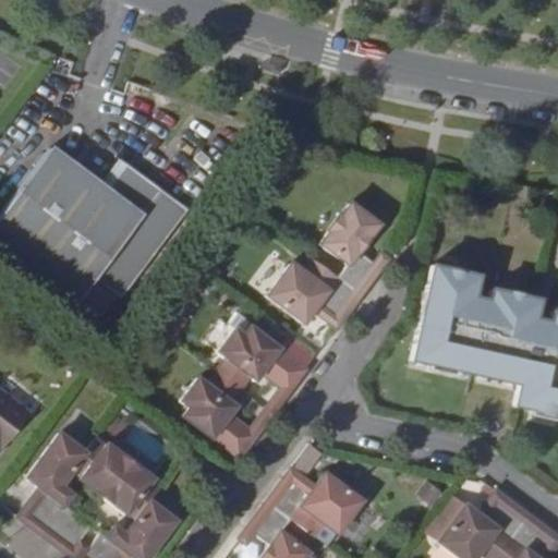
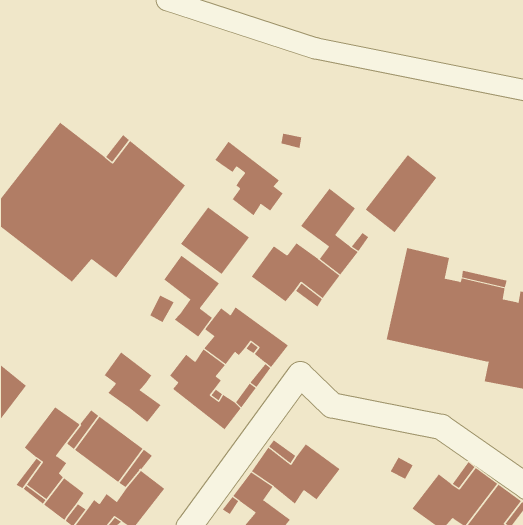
building: none -> [214,141,284,216]
building: none -> [365,154,437,233]
building: none -> [180,207,250,275]
building: none -> [163,255,220,337]
building: none -> [104,352,161,423]

